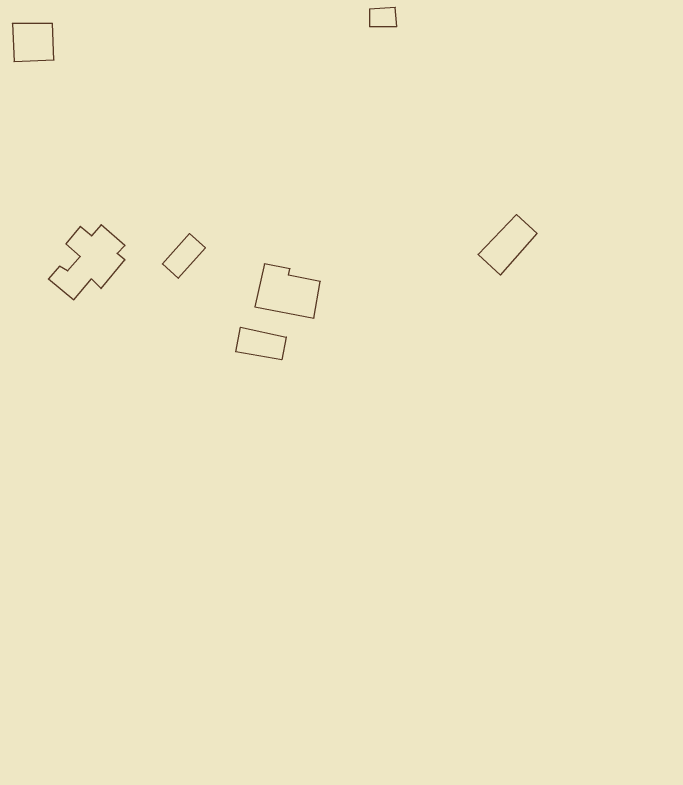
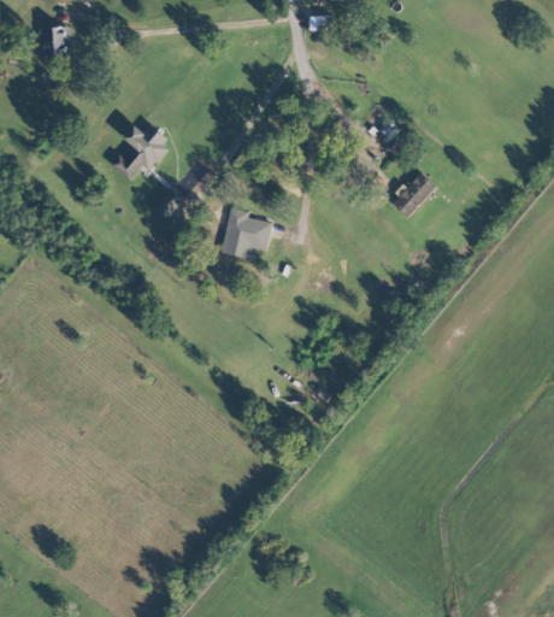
building: [48,225,125,300] -> [111,123,169,180]
building: [236,327,286,360] -> none

